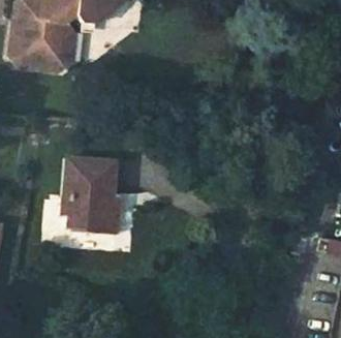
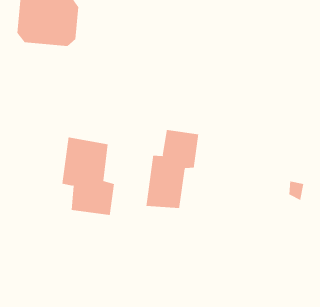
building: none -> [146,129,199,209]

